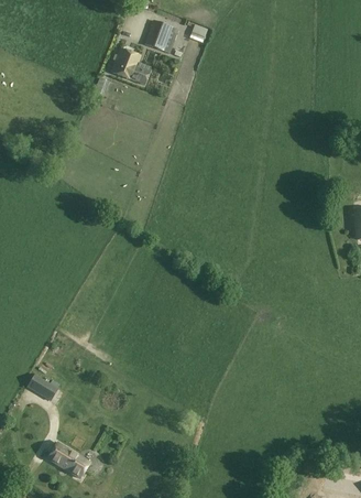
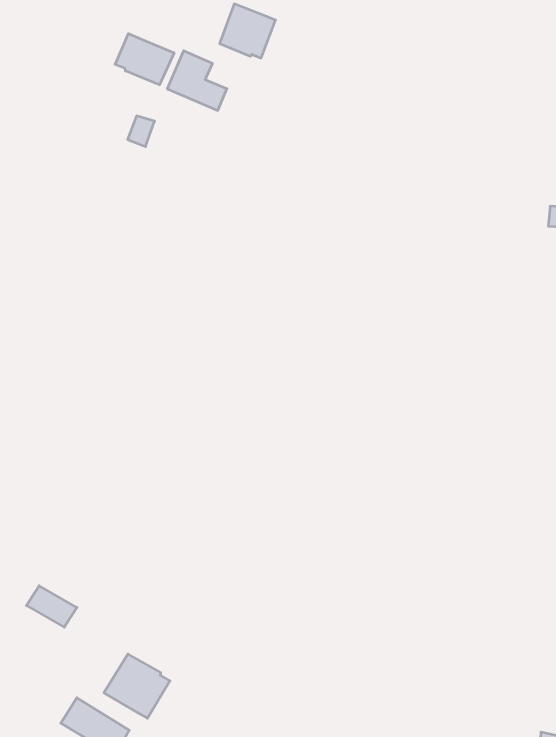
building: none -> [115,34,174,85]
building: none -> [104,654,170,718]

